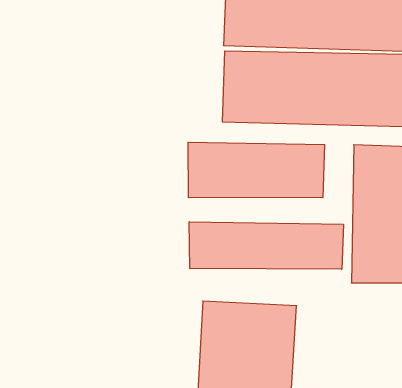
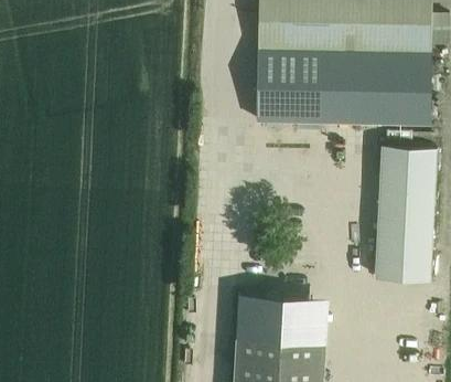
building: [188,142,325,198] -> none
building: [189,222,343,269] -> none

